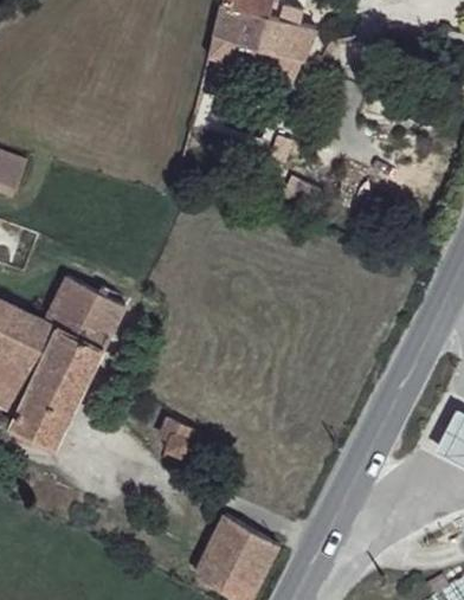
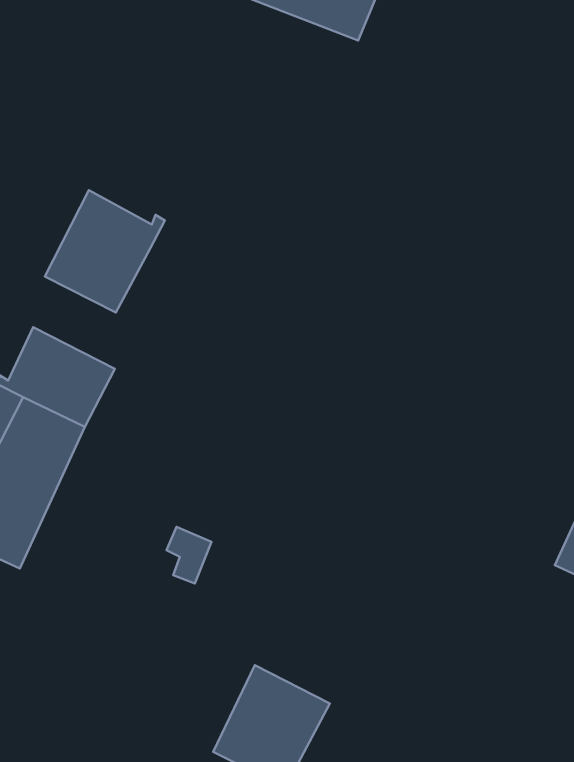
building: none -> [45,190,165,312]

